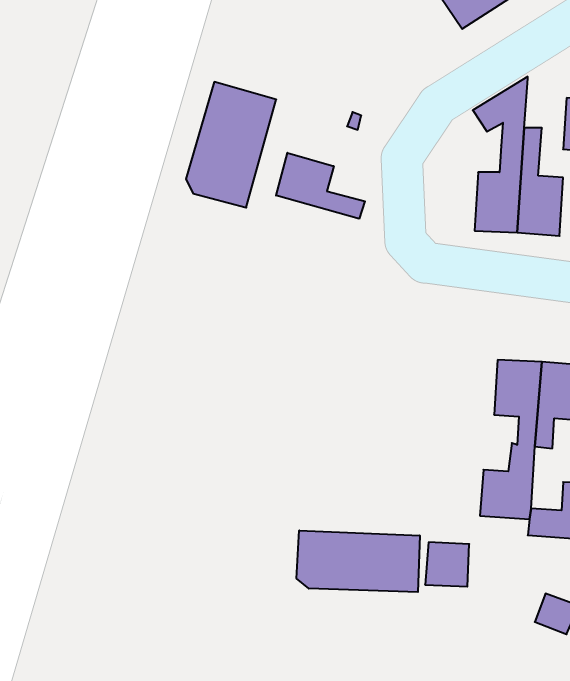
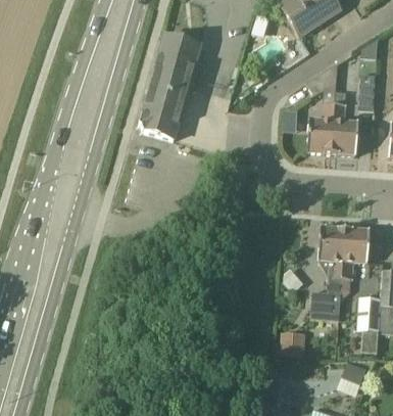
building: none -> [157,34,202,76]
building: [276,153,365,219] -> none
building: [297,530,420,592] -> none

